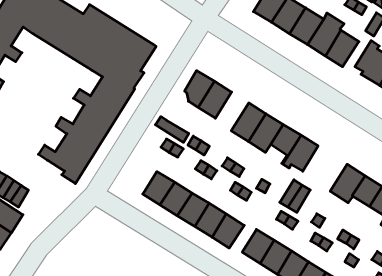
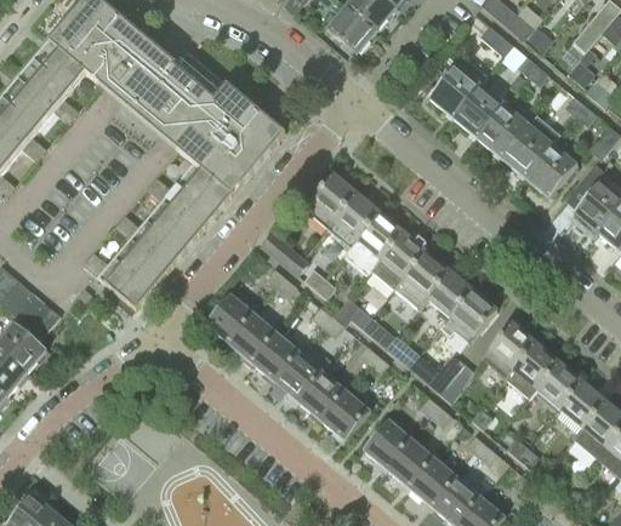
building: none -> [343,211,401,273]
building: none -> [480,321,534,377]
building: none -> [204,292,252,343]

